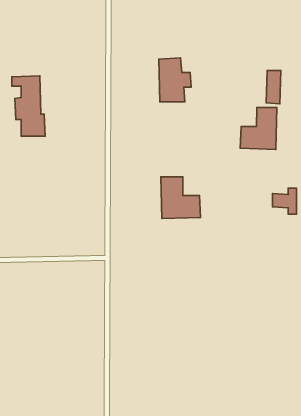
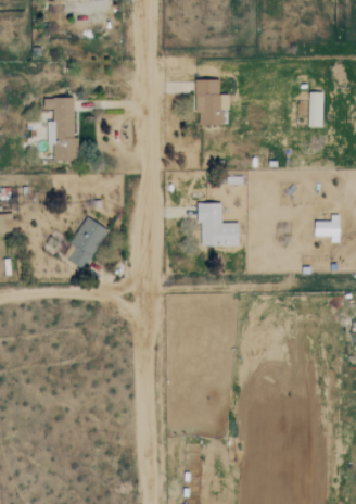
building: [240,108,277,149] -> none
building: none -> [64,217,109,269]

